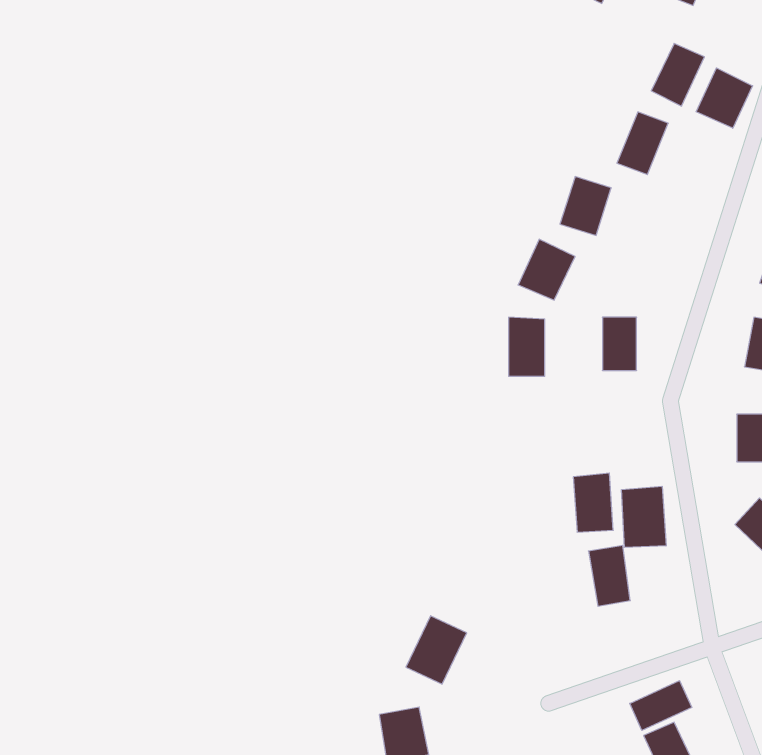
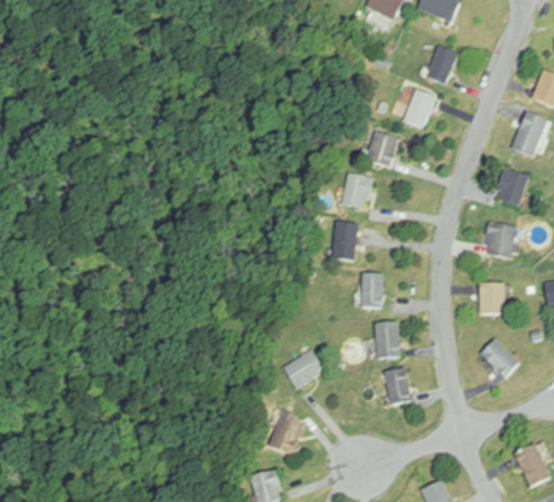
building: [696,68,753,128] -> none
building: [602,317,637,370] -> [361,273,383,307]
building: [622,486,666,547] -> none
building: none -> [282,348,325,388]
building: [630,681,692,730] -> none

